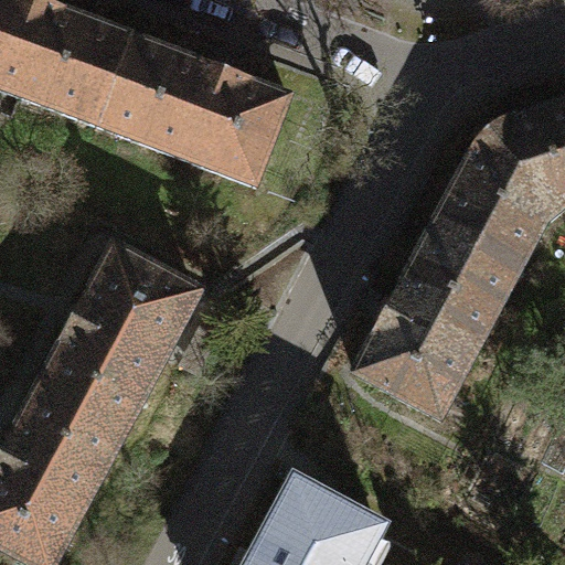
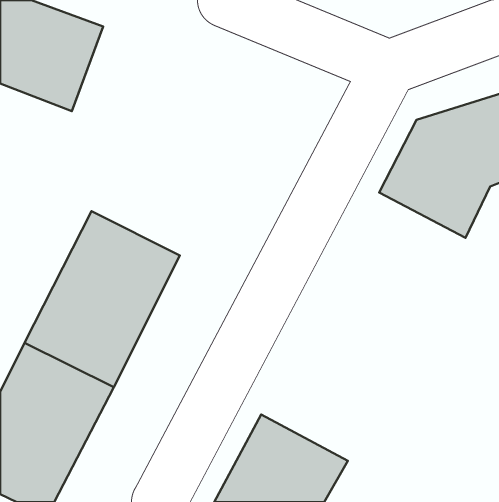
building: [84,30,280,184] -> none
building: [348,216,526,423] -> none

